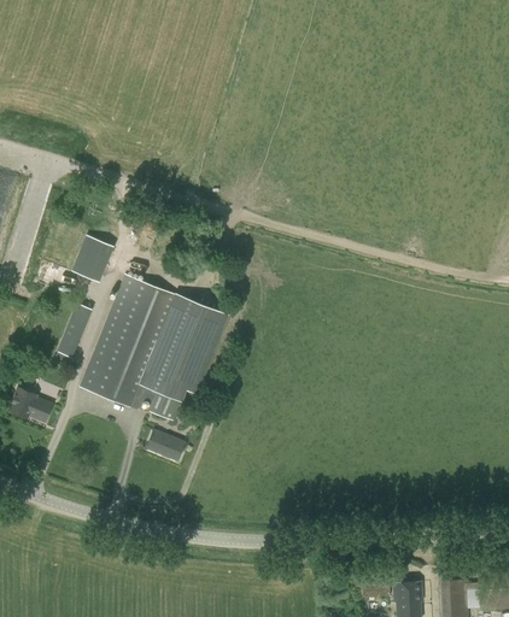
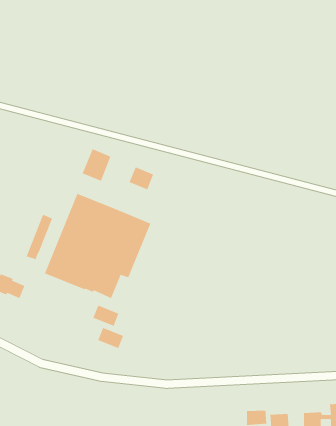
building: [72,235,113,281] -> [82,149,111,181]
building: none -> [129,167,154,190]
building: none -> [97,327,124,349]

